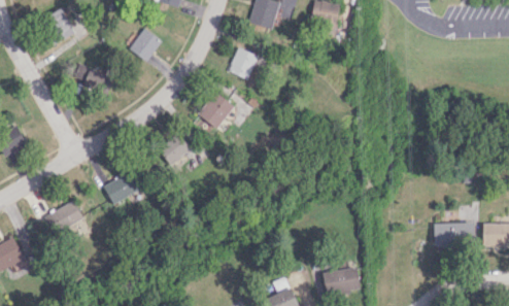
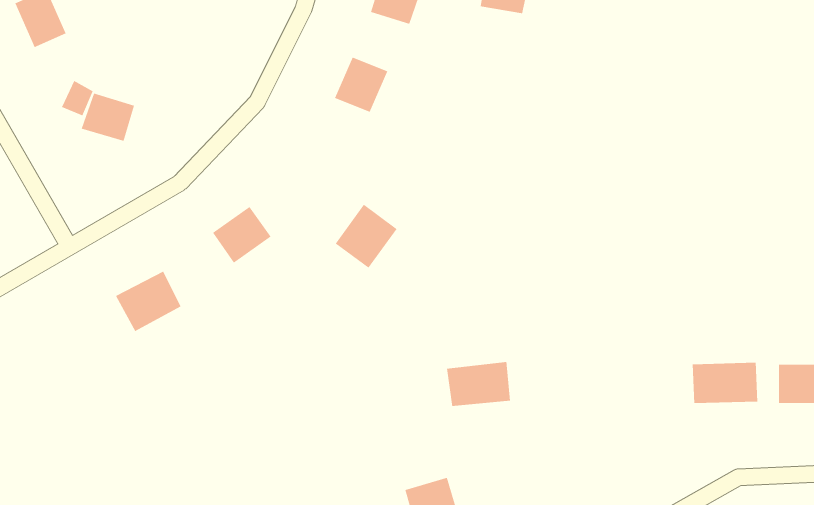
building: [130,28,162,62] -> none
building: [198,92,234,129] -> [335,204,398,269]
building: [46,202,82,231] -> none
building: [323,268,360,294] -> [446,361,511,406]

